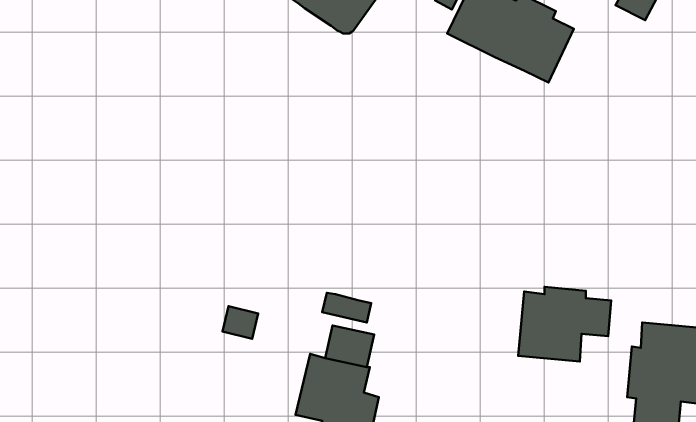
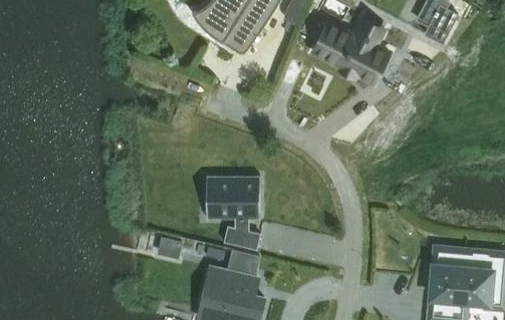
building: none -> [206,177,257,217]
building: [518,287,611,361] -> none

